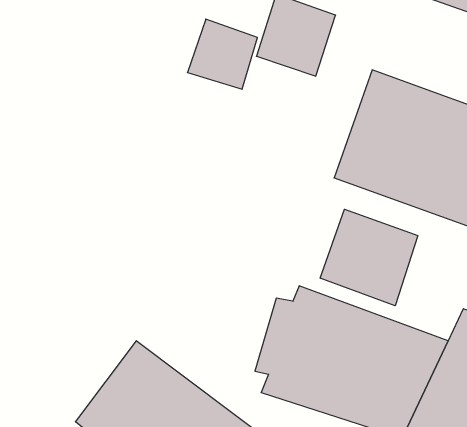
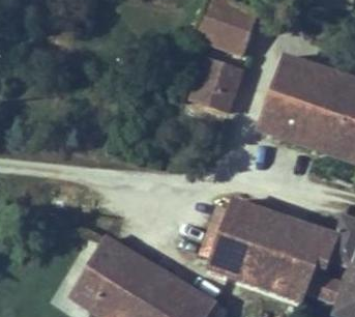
building: [187,19,257,89] -> [186,56,234,104]
building: [320,209,418,306] -> none

